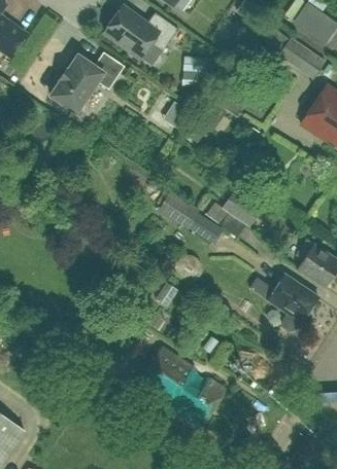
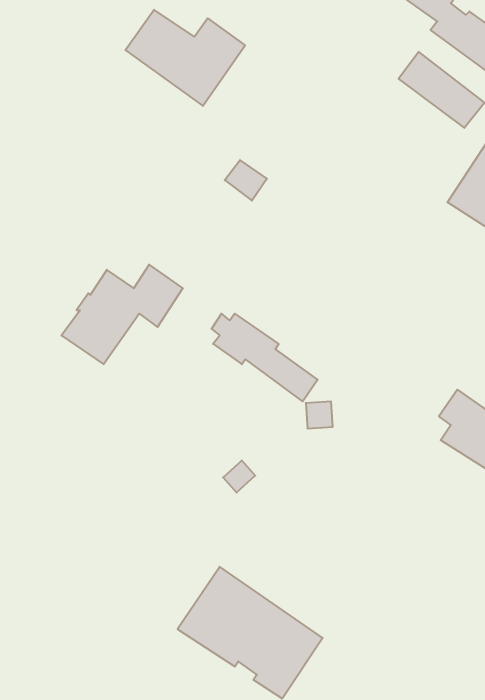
building: [49,50,124,111] -> [61,265,183,364]
building: [204,190,260,236] -> none
building: [249,273,318,329] -> none

